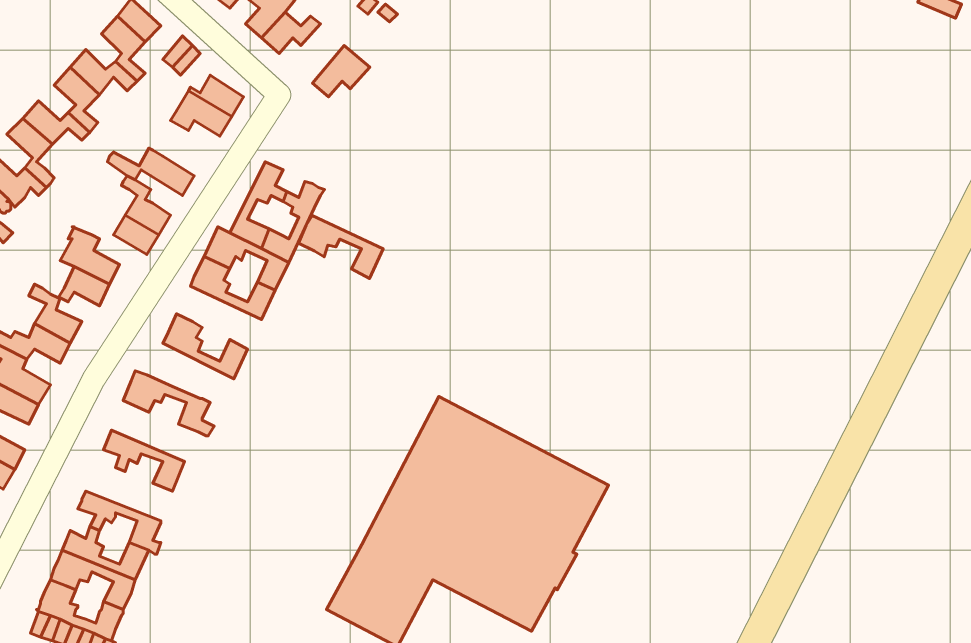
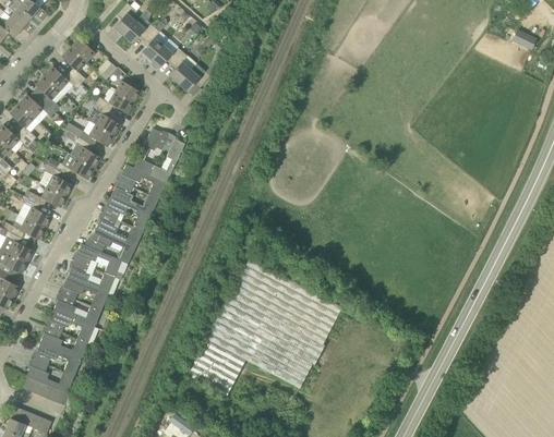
building: none -> [168,51,195,84]
building: none -> [89,101,119,135]
building: [298,215,383,279] -> [103,196,149,231]
building: none -> [86,228,134,264]
building: none -> [67,259,119,293]
building: none -> [52,296,100,326]

